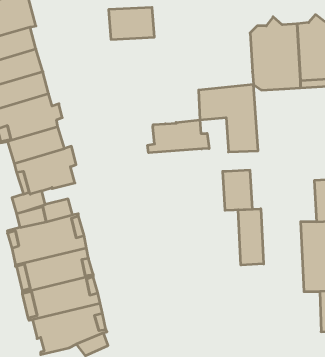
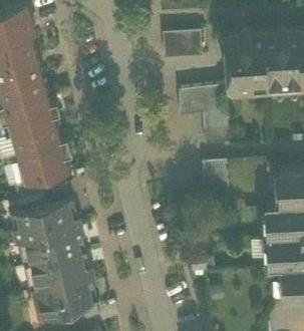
building: [109,7,154,39] -> [163,32,203,60]
building: [148,120,209,153] -> none
building: [238,209,264,265] -> none

